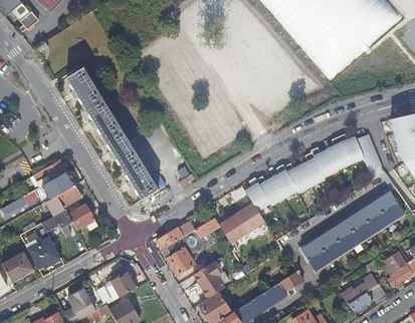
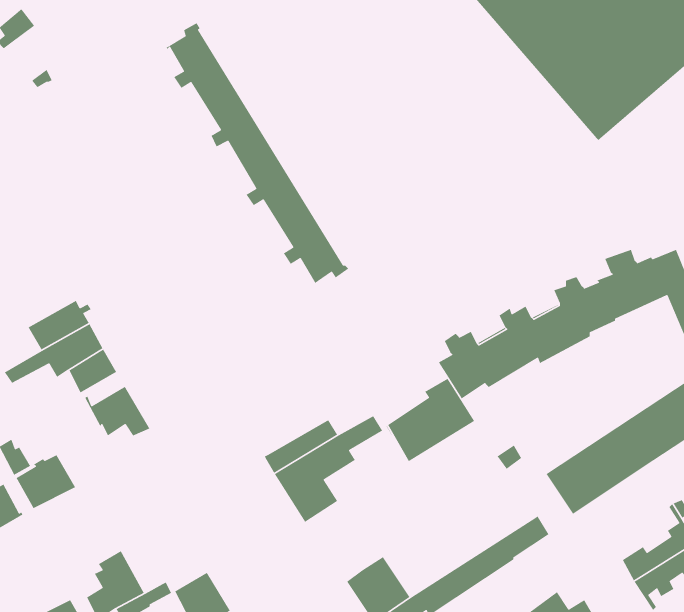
building: [66,64,161,199] -> [165,22,349,284]
building: [41,210,72,236] -> none
building: [193,262,224,298] -> none
building: [108,272,136,300] -> none

